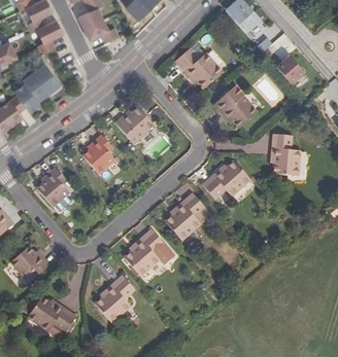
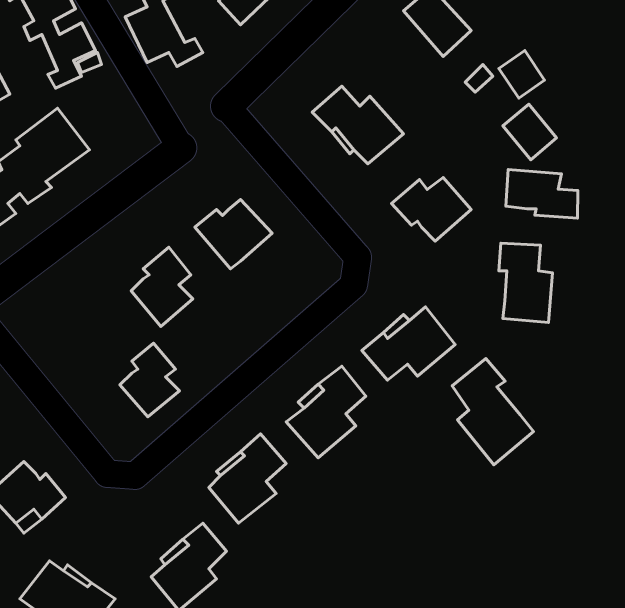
building: none -> [506,169,578,218]
building: [37,169,68,207] -> [120,343,179,417]
building: none -> [452,359,534,465]

